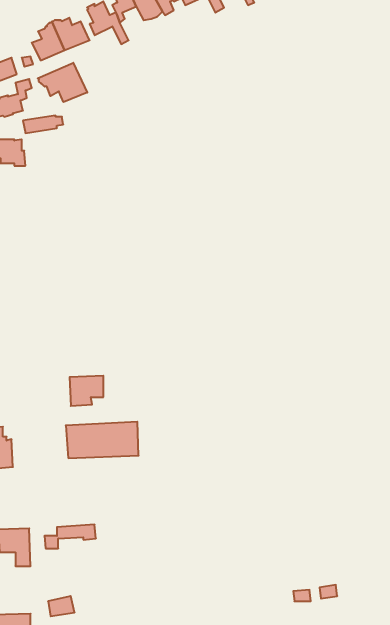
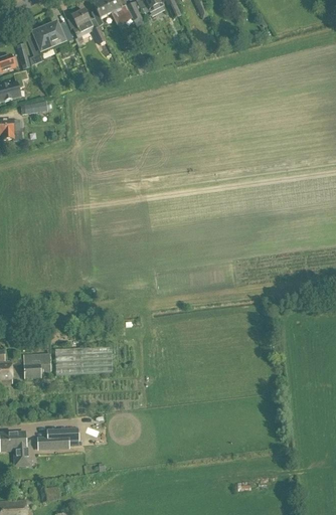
building: [38,63,87,102] -> none
building: [70,376,103,406] -> [23,353,50,377]

